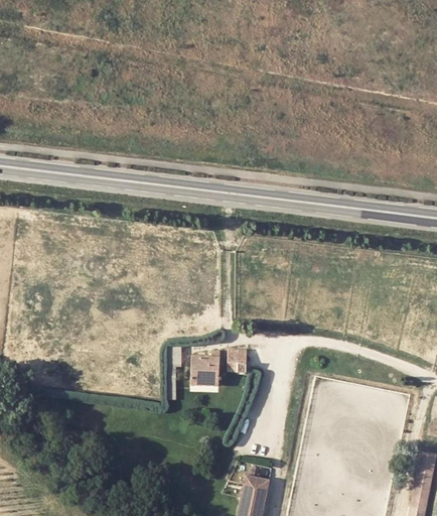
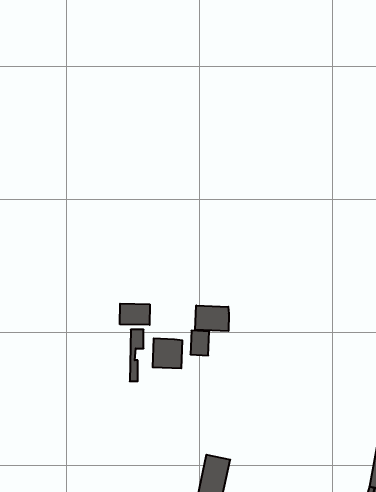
building: none -> [120,304,150,325]
building: none -> [195,305,229,331]

